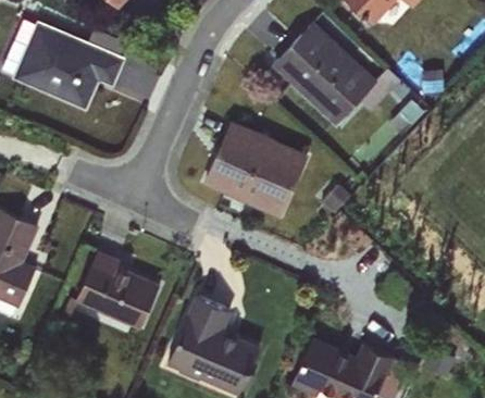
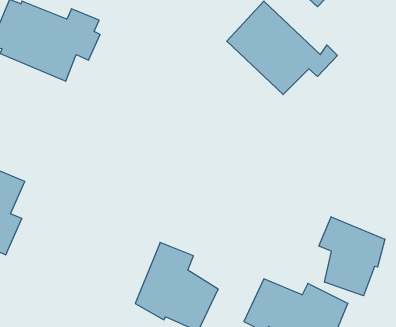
building: [202,119,310,220] -> none
building: [75,249,161,331] -> none
building: none -> [319,217,385,296]

